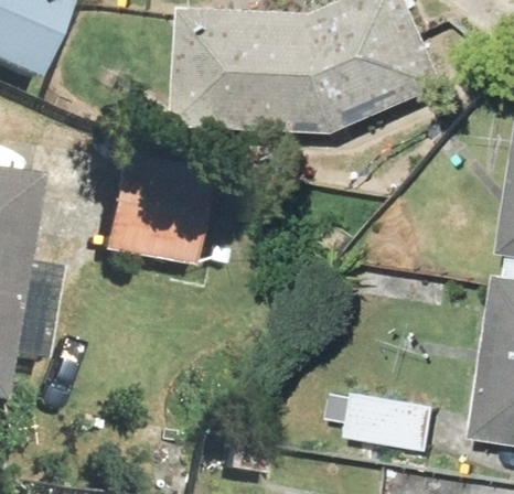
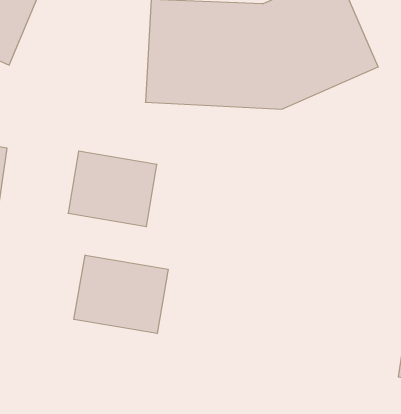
building: none -> [74,255,168,334]

